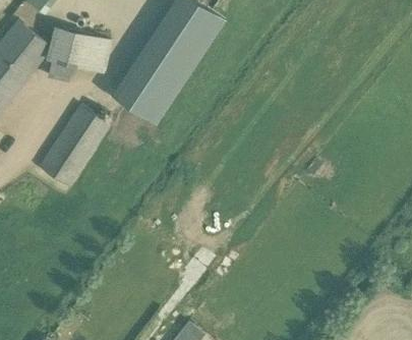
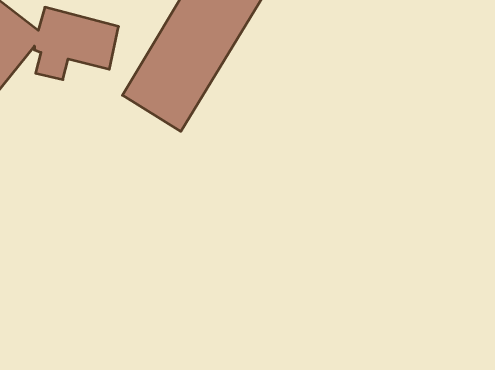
building: [38,103,109,187] -> none

